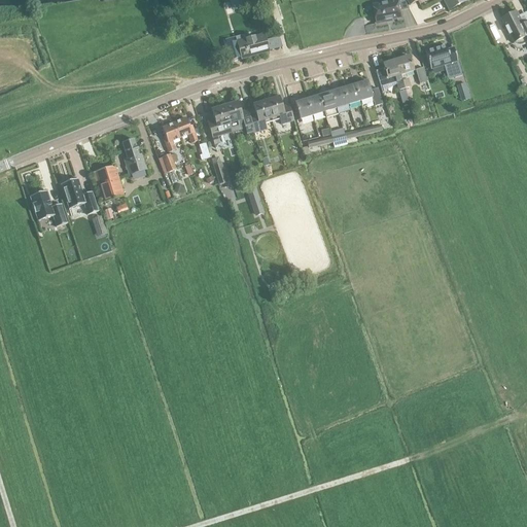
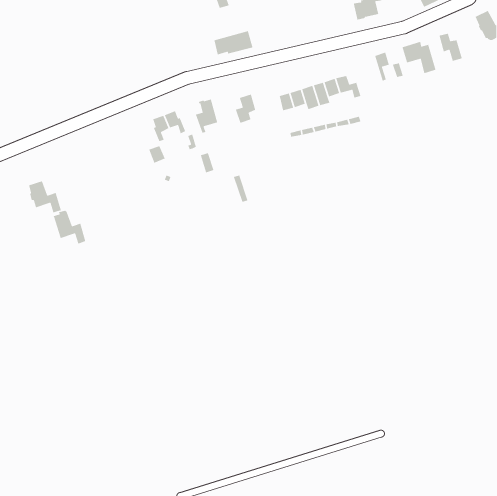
building: none -> [439,33,463,62]
building: [375,59,403,92] -> none
building: [266,95,293,122] -> none
building: [223,100,253,132] -> none
building: [120,138,146,173] -> none
building: [92,164,122,200] -> none
building: [60,177,97,214] -> [52,210,87,245]

